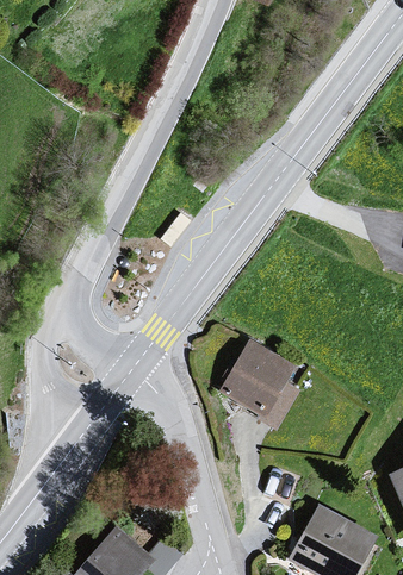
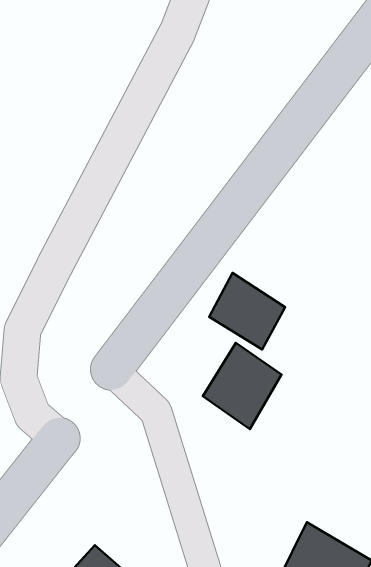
building: none -> [209,273,285,350]

